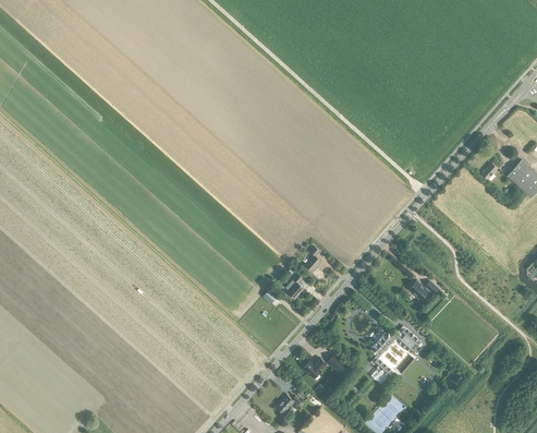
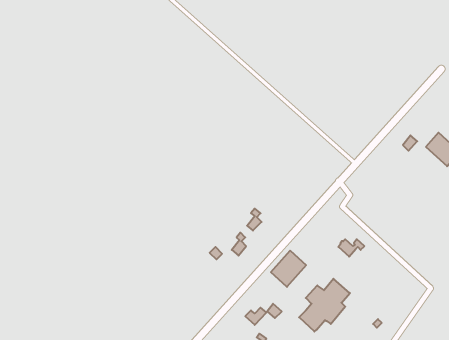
building: none -> [271,251,306,287]

